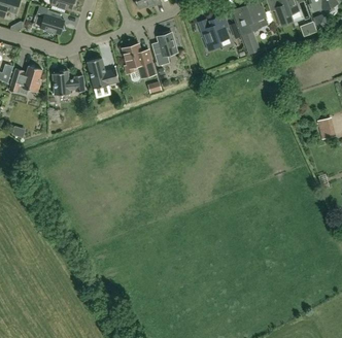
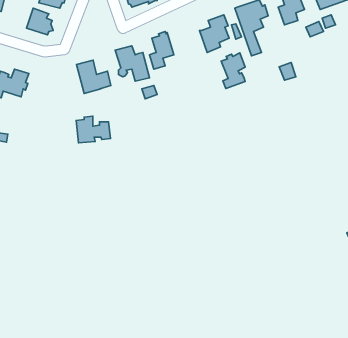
building: none -> [221,53,245,89]
building: [53,70,84,95] -> [76,116,111,143]

